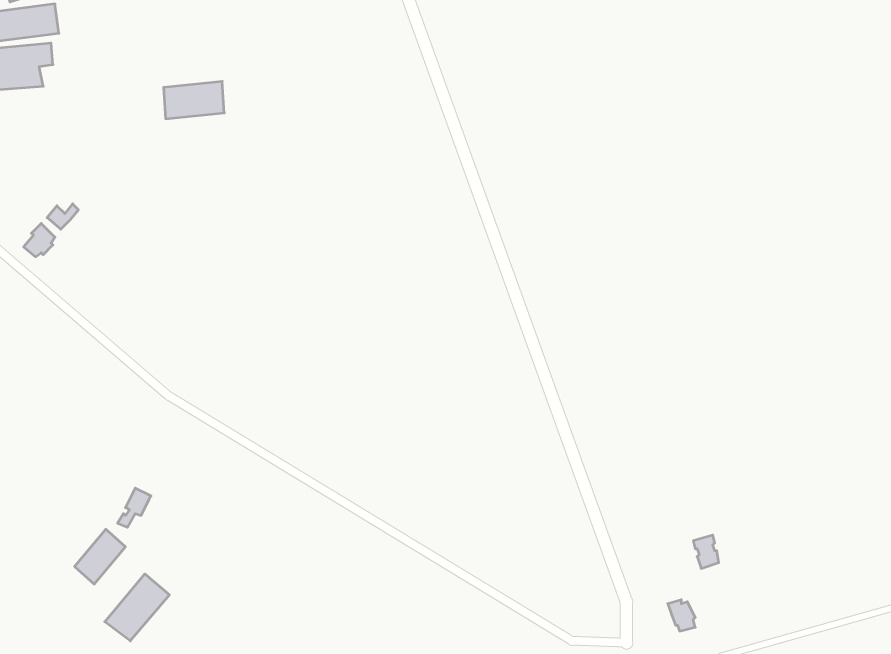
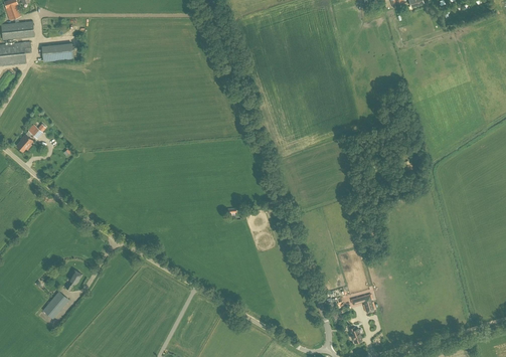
building: [164,81,224,119] -> [42,42,73,61]
building: [105,574,169,641] -> none

